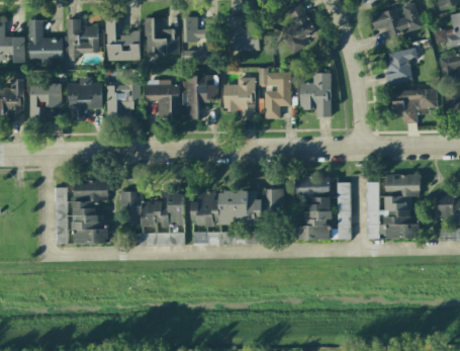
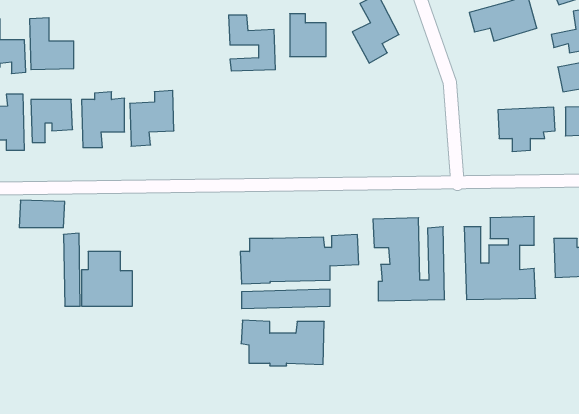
building: [145,17,178,56] -> none
building: [67,18,99,60] -> none
building: [106,18,140,61] -> none
building: [385,48,418,84] -> none
building: [259,70,291,118] -> none
building: [299,73,332,117] -> none
building: [185,75,217,119] -> none
building: [223,77,255,118] -> none
building: [146,80,180,117] -> none
building: [74,179,109,200] -> [19,200,65,228]
building: [120,191,185,227] -> [241,320,324,366]

